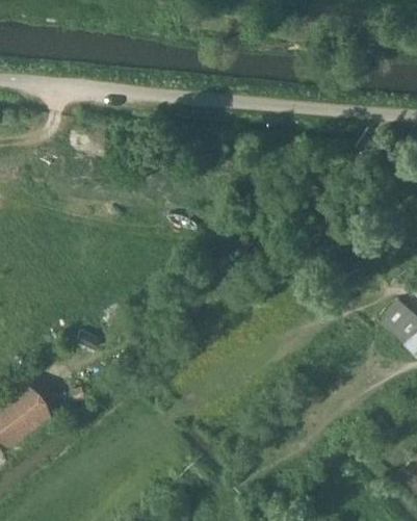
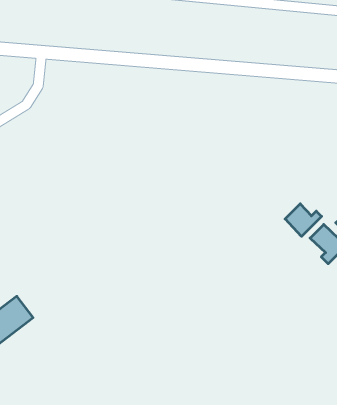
building: none -> [285,204,322,236]

